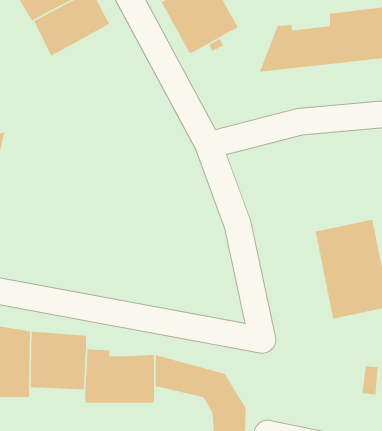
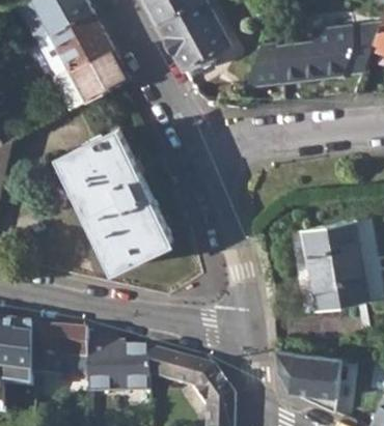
building: none -> [67,40,129,101]
building: none -> [59,124,171,266]
building: none -> [275,347,340,410]

